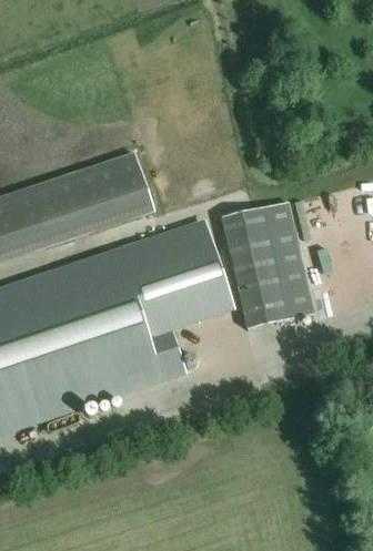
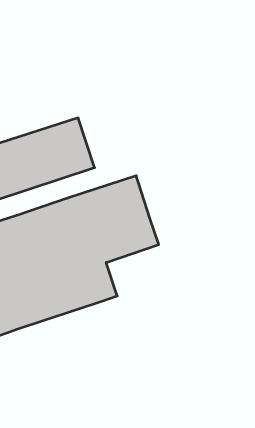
building: [221,200,313,328] -> none

